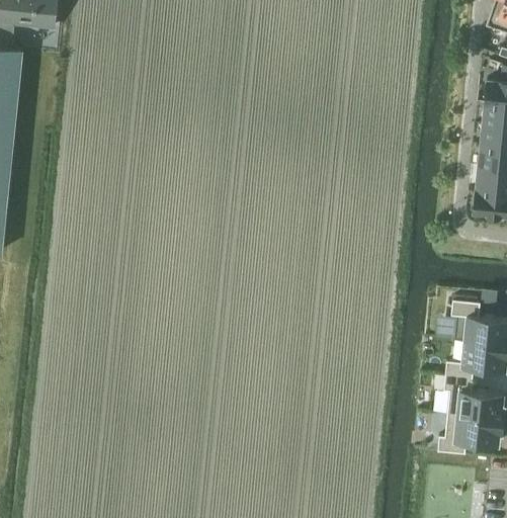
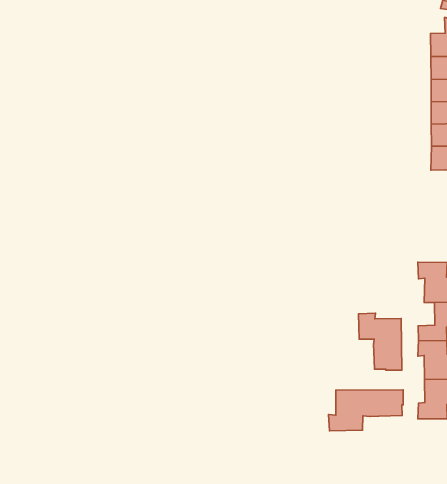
building: none -> [358,313,402,370]
building: none -> [328,390,403,431]

